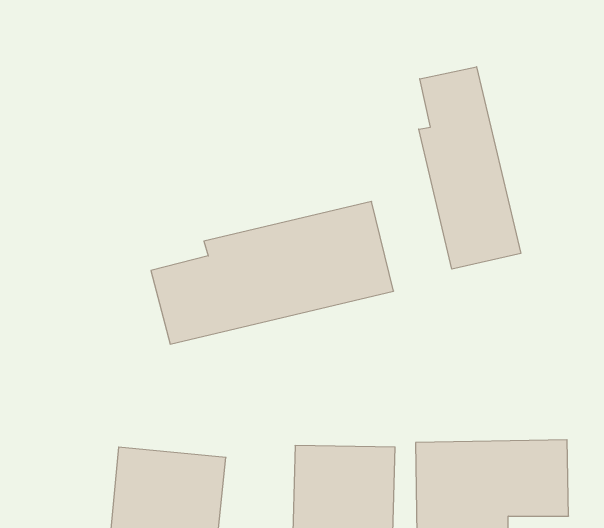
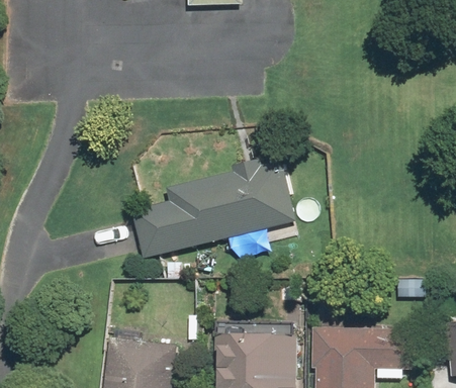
building: [419,67,521,269] -> none

